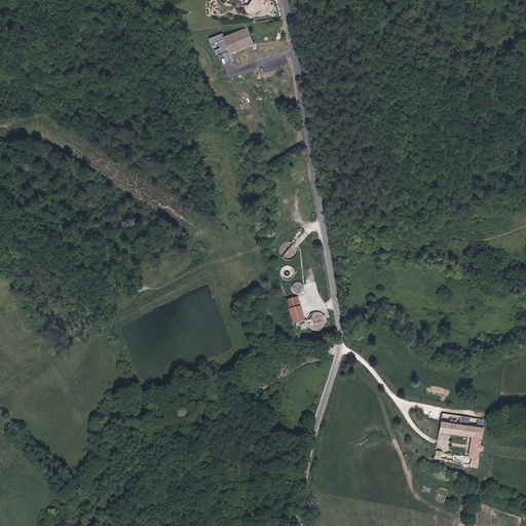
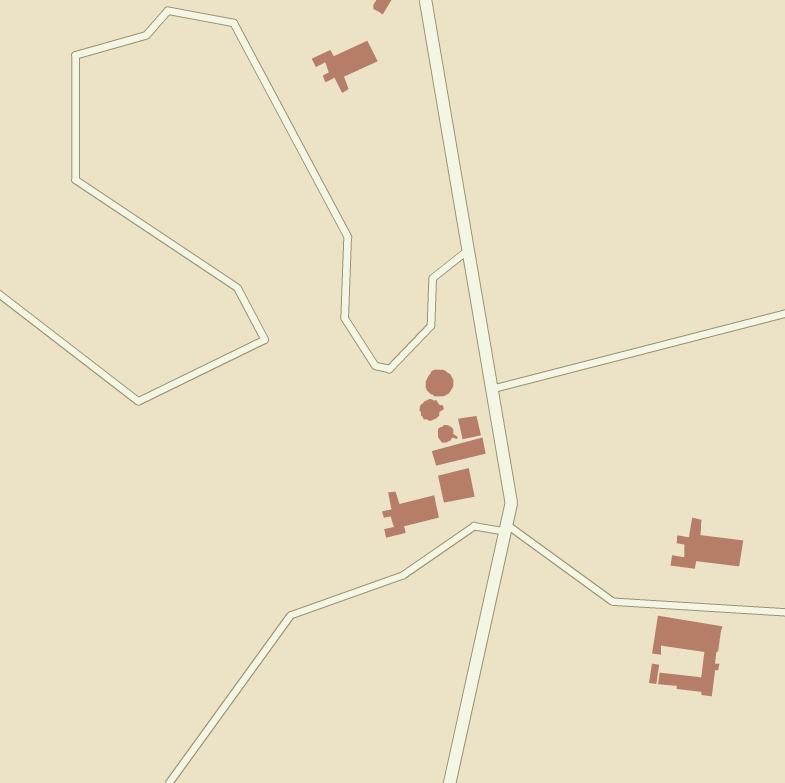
building: none -> [381,491,439,538]
building: none -> [670,517,744,570]

